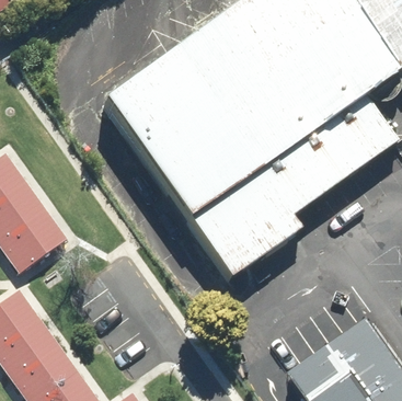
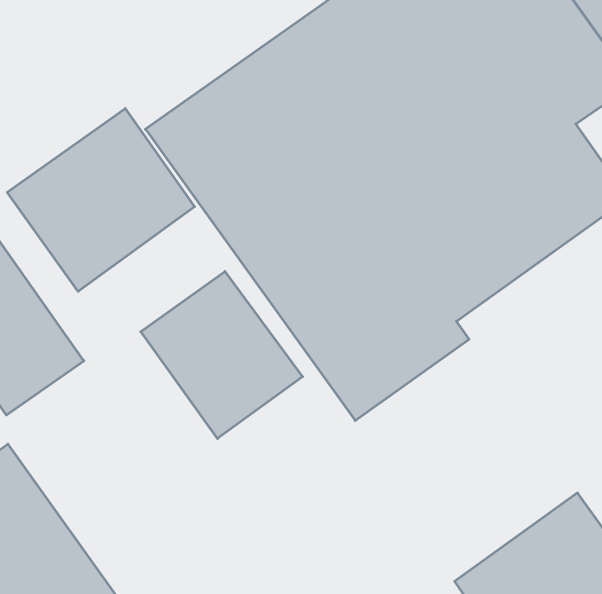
building: none -> [7,108,195,291]
building: none -> [141,271,303,439]

